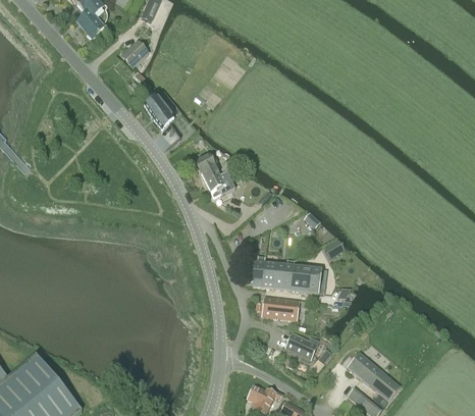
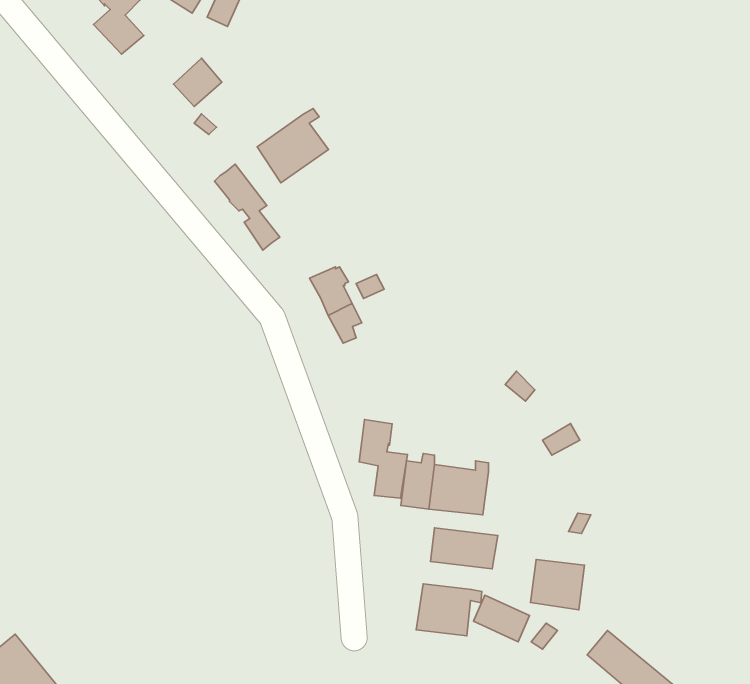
building: none -> [257,109,328,183]
building: none -> [359,420,407,498]
building: [292,266,321,294] -> [531,560,585,610]
building: none -> [416,584,482,636]

